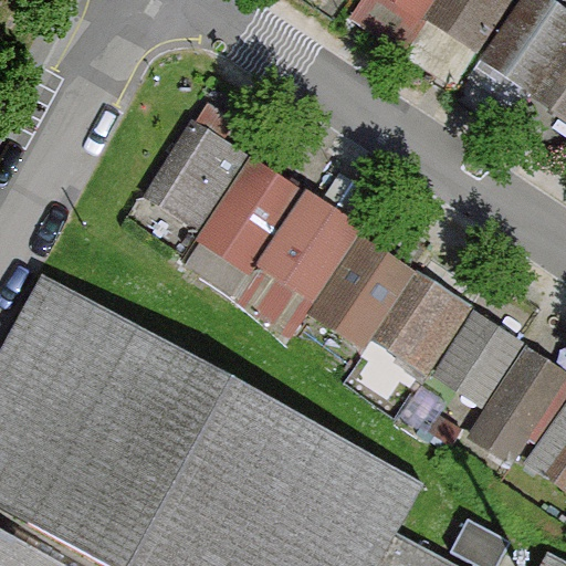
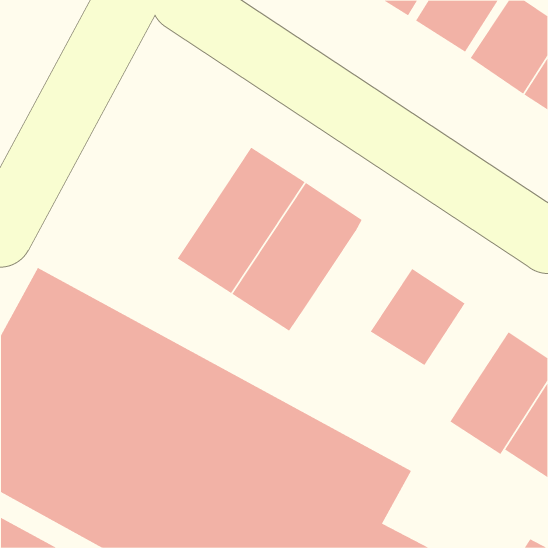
building: [142,112,259,237] -> none
building: [315,239,424,355] -> none
building: [438,313,524,406] -> none

